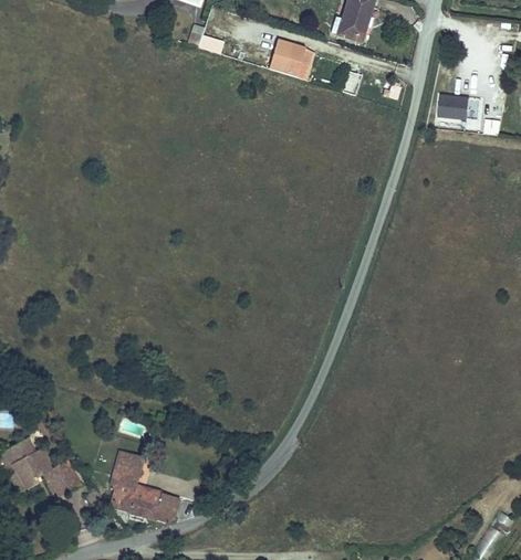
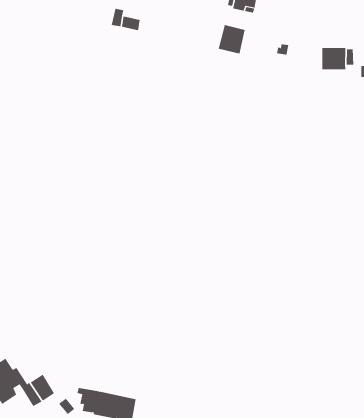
building: [270,36,305,74] -> [218,24,246,54]
building: [112,451,145,485] -> none

